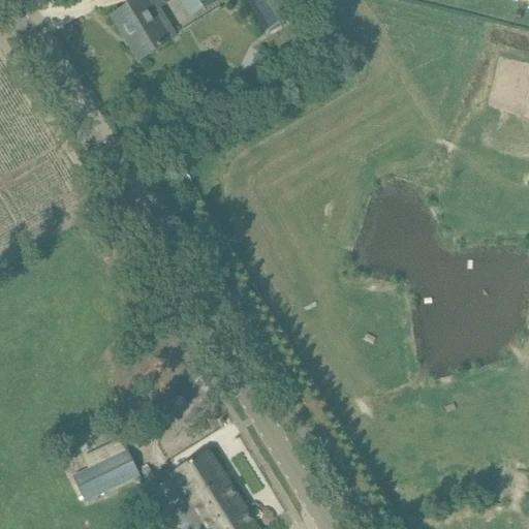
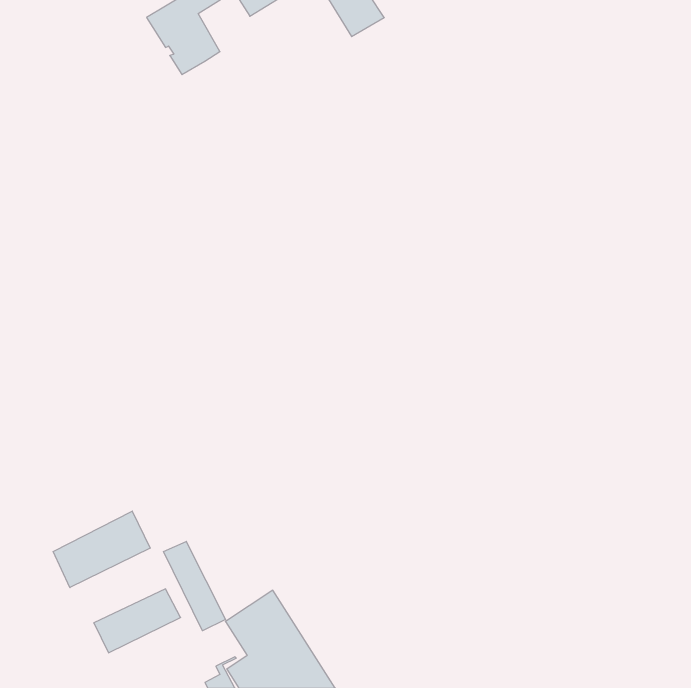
building: none -> [53,511,150,588]
building: none -> [163,541,226,631]

